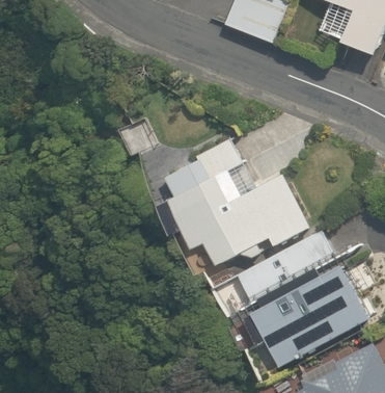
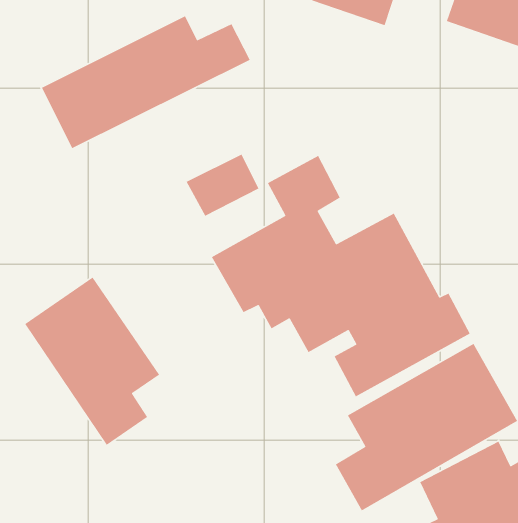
building: none -> [41,15,251,149]
building: none -> [24,276,160,446]

